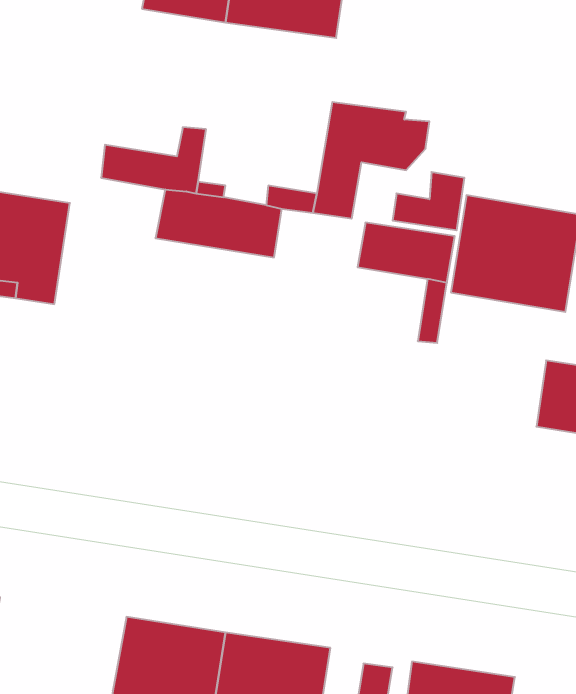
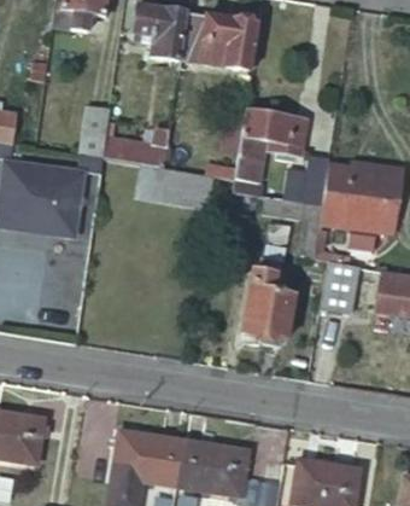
building: none -> [81,105,112,157]
building: none -> [247,254,299,342]
building: none -> [321,262,359,314]

